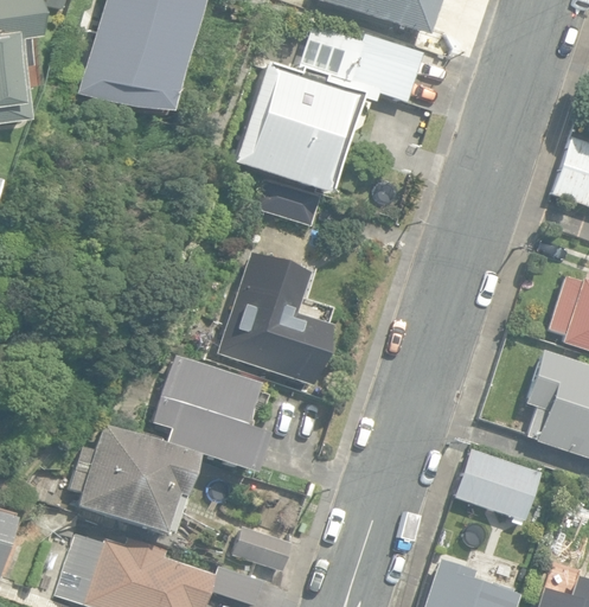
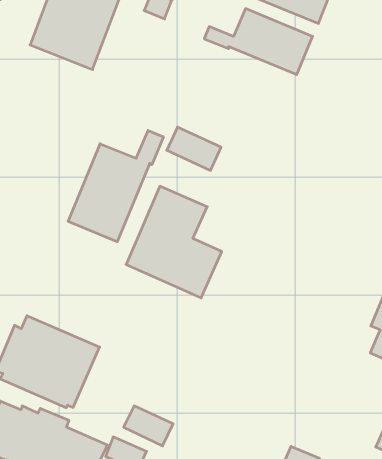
building: [232,60,365,194] -> none
building: none -> [68,130,163,242]
building: [151,356,268,473] -> none
building: [459,451,542,518] -> none

